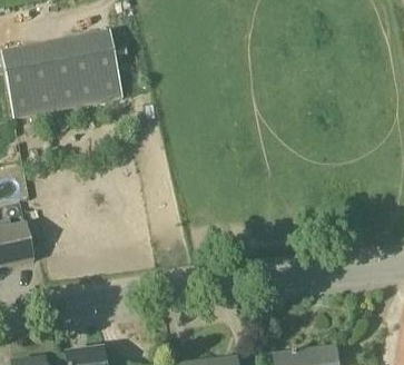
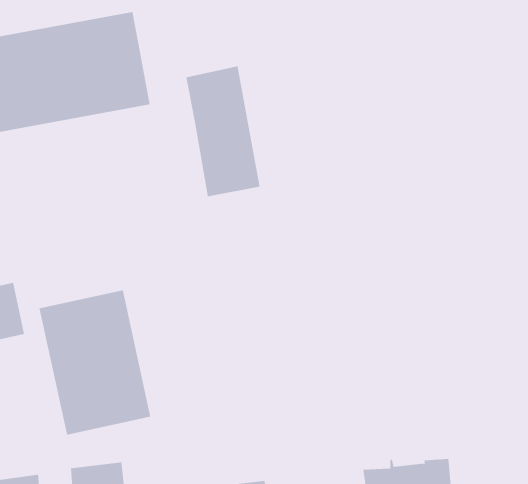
building: none -> [186,66,260,197]
building: none -> [39,290,151,435]

